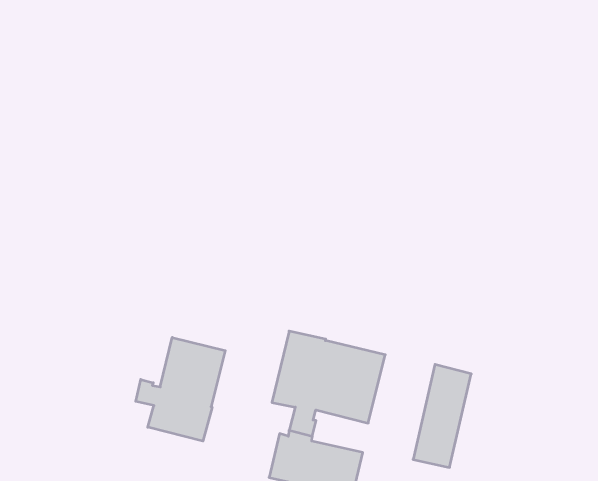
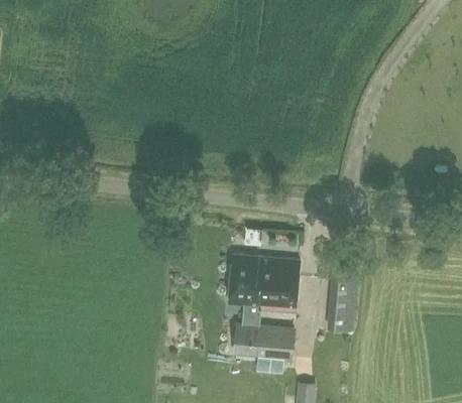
building: [136,337,225,441] -> none

